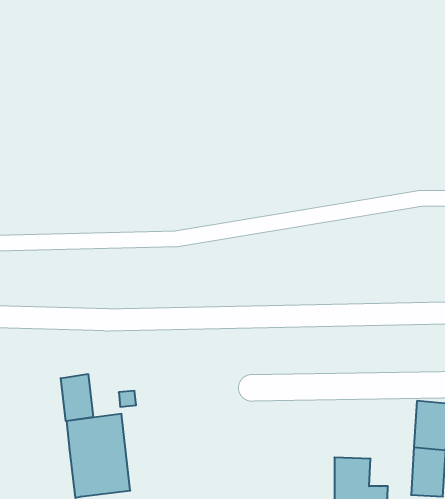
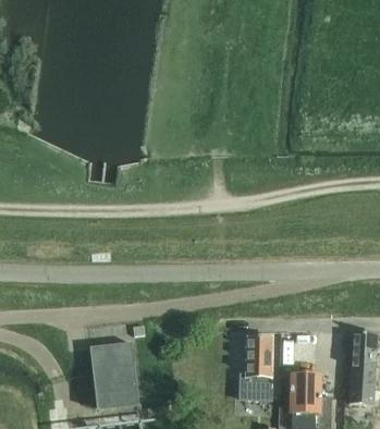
building: [61,374,93,421] -> none
building: none -> [240,336,271,399]

